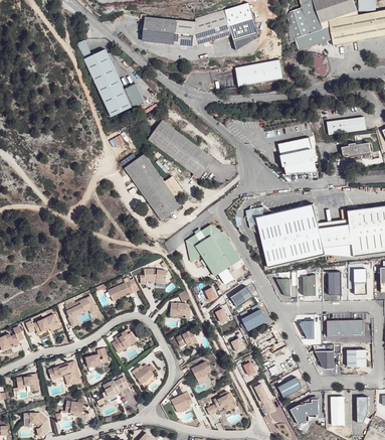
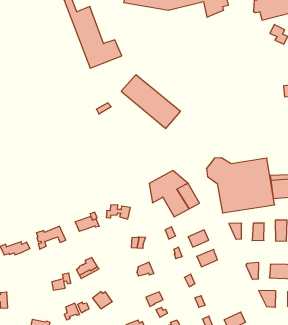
building: [234,59,282,88] -> none
building: [277,136,318,181] -> none
building: [126,154,181,221] -> none
building: [46,360,79,384] -> none

